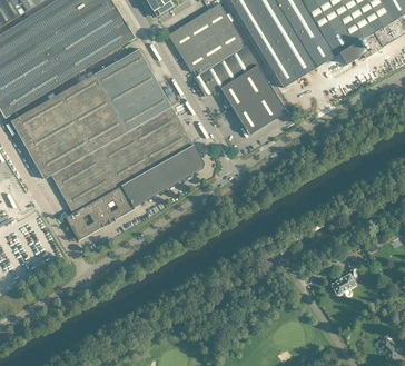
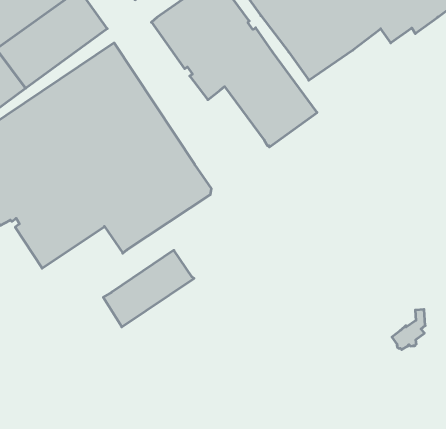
building: [66,184,135,238] -> [103,250,194,327]

